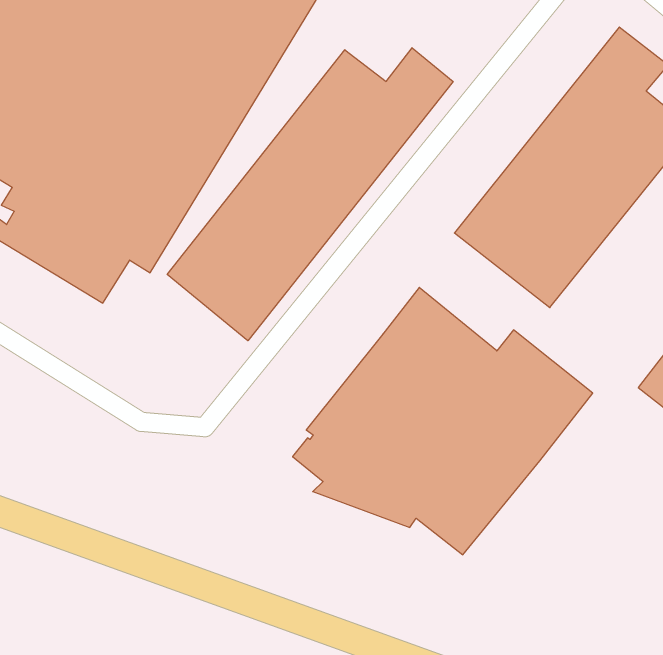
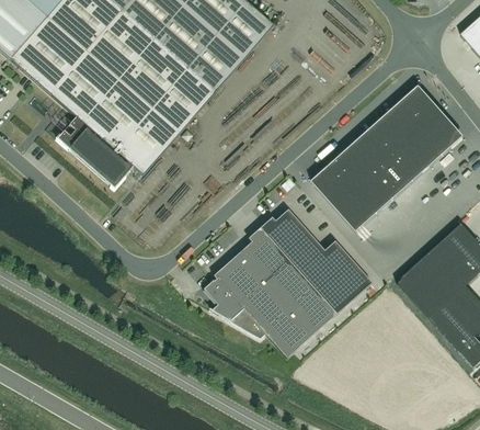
building: [167,48,453,341] -> none

